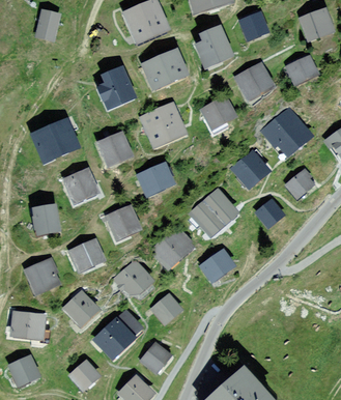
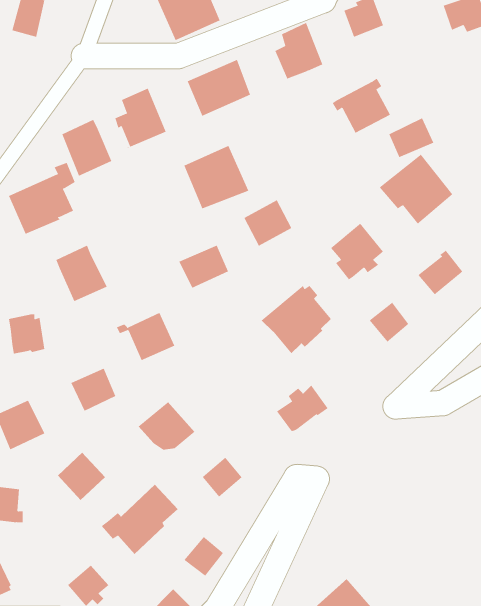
building: [288,57,316,82] -> [389,117,434,158]
building: [203,98,233,127] -> [243,199,292,247]
building: [98,128,130,164] -> [62,119,112,176]
building: [149,227,191,266] -> none

